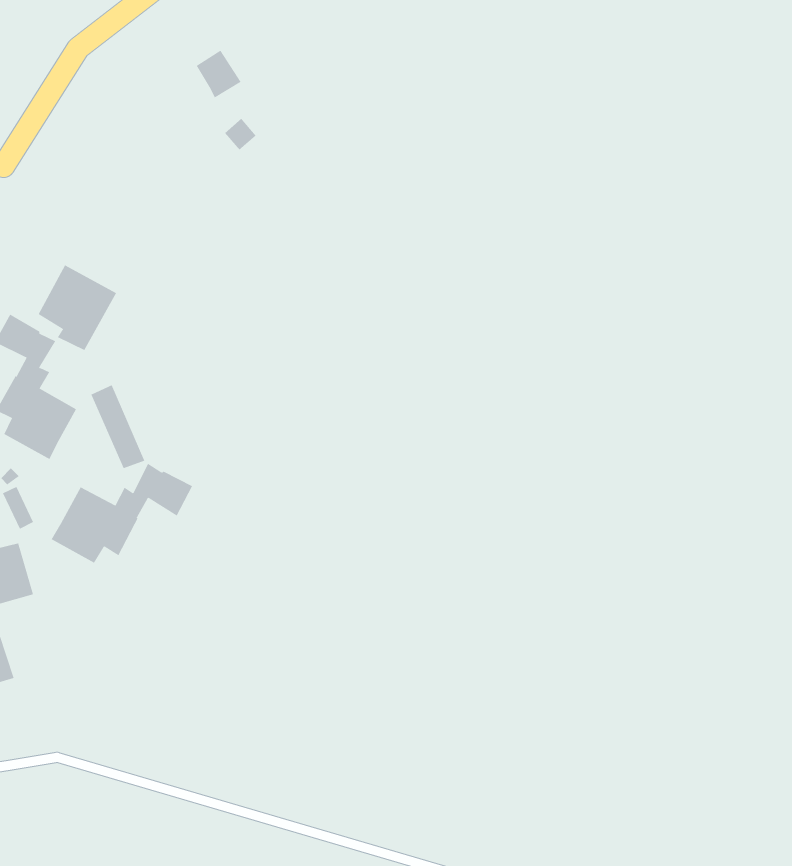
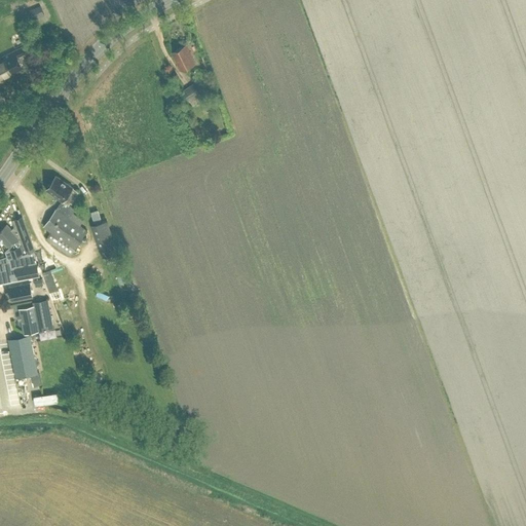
building: [38,264,117,351] -> none
building: [51,463,193,563] -> none

